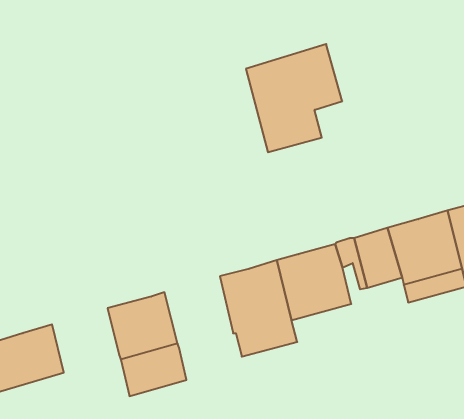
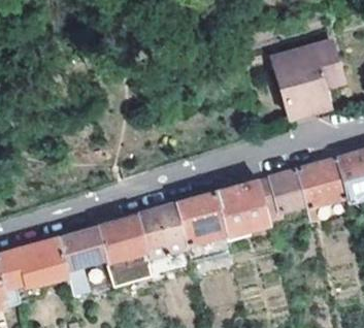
building: [246,44,342,152] -> [274,42,342,119]
building: none -> [136,203,185,254]
building: none -> [57,226,104,296]

